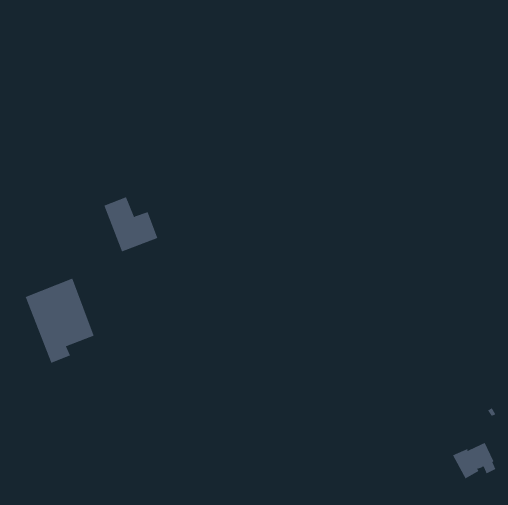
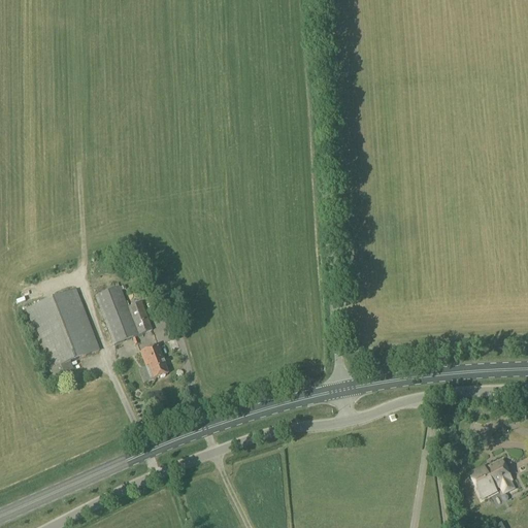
building: [103,196,158,252] -> [96,285,153,342]
building: none -> [141,343,168,376]

